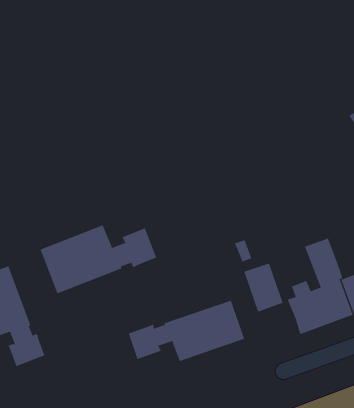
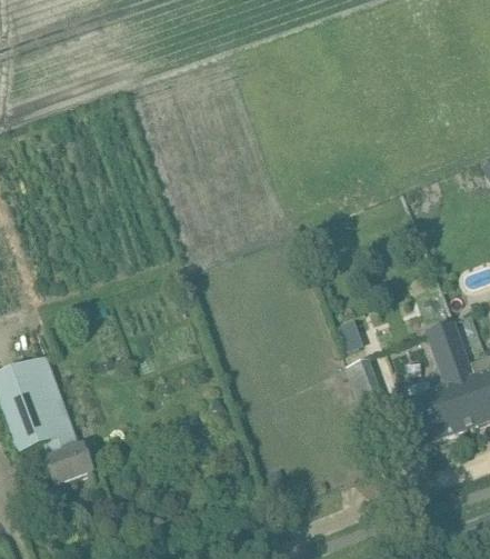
building: [40,224,157,294] -> none
building: [128,300,245,362] -> none

